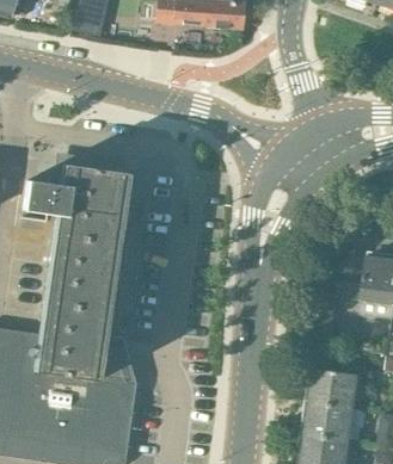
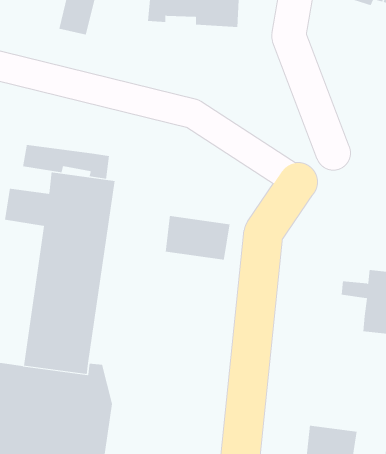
building: none -> [22,144,110,179]
building: none -> [165,215,230,260]
building: [309,369,360,409] -> none

